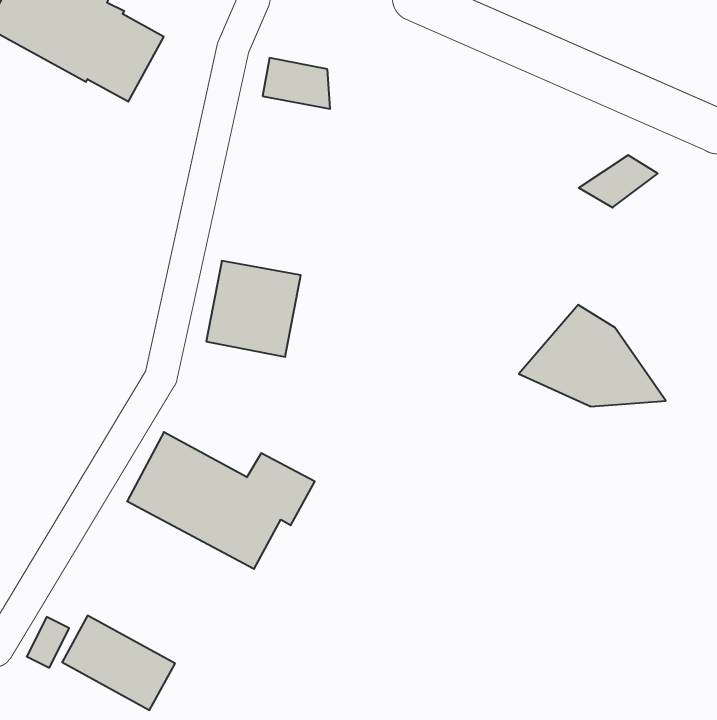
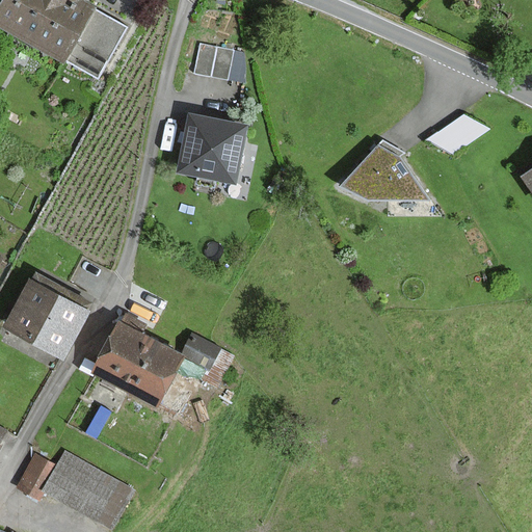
building: [206,261,301,357] -> [178,111,247,182]
building: [519,305,666,406] -> [331,141,440,216]
building: none -> [7,278,88,353]

